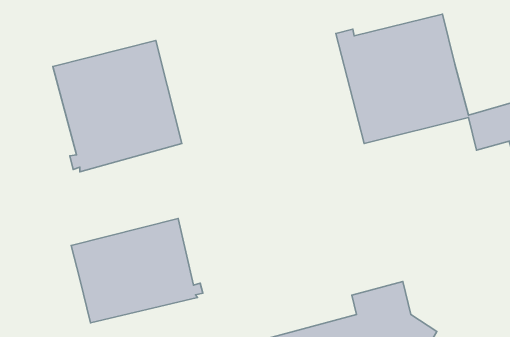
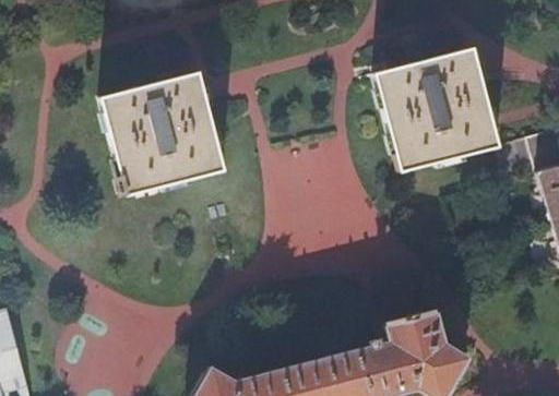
building: [71,218,203,323] -> none

